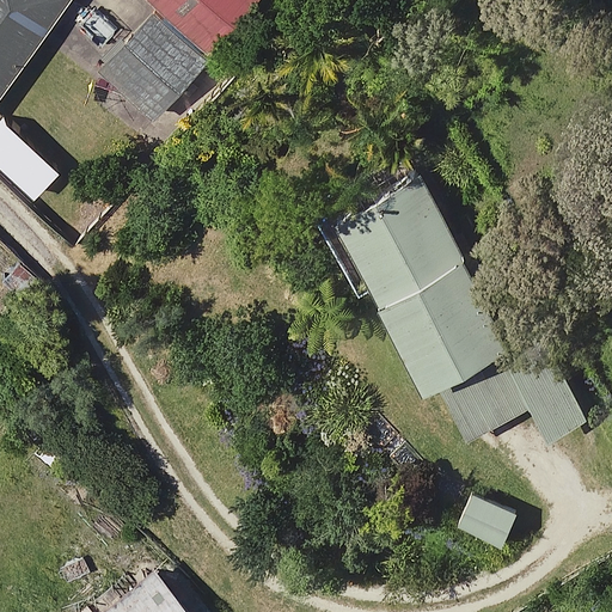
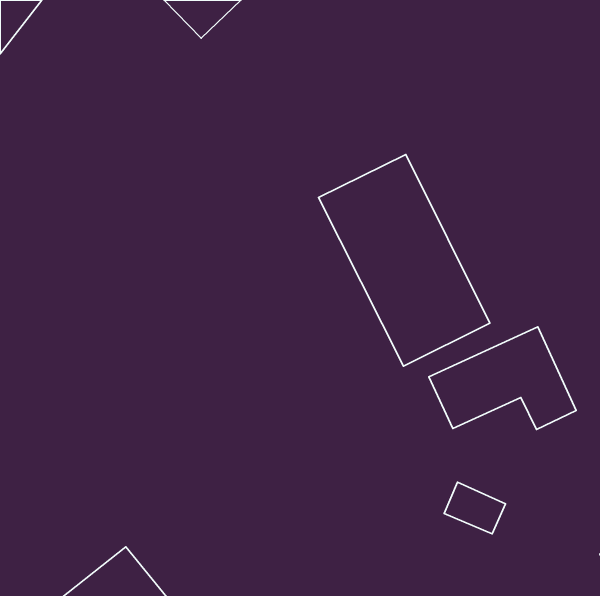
building: [102,22,207,127] -> none

